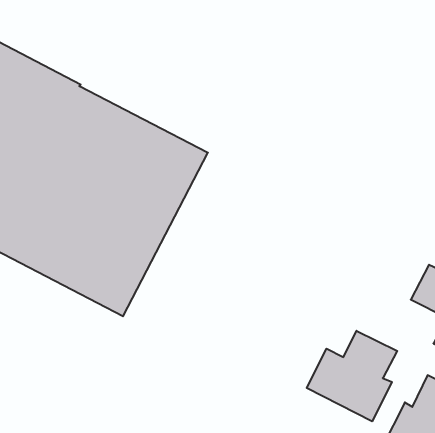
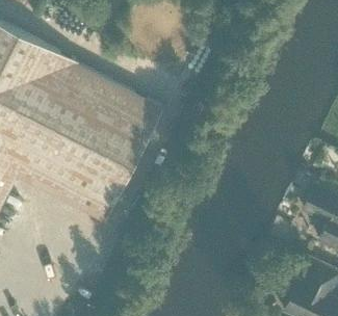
building: [307,331,397,421] -> none

